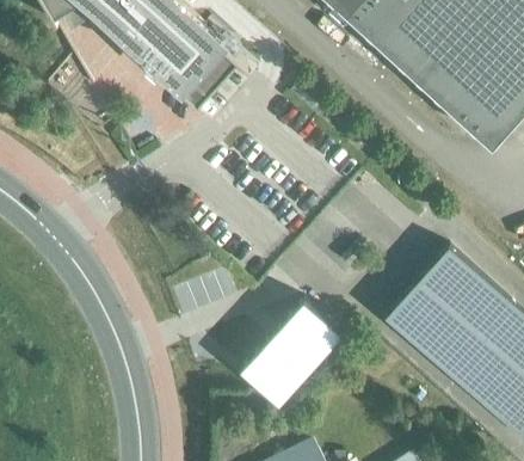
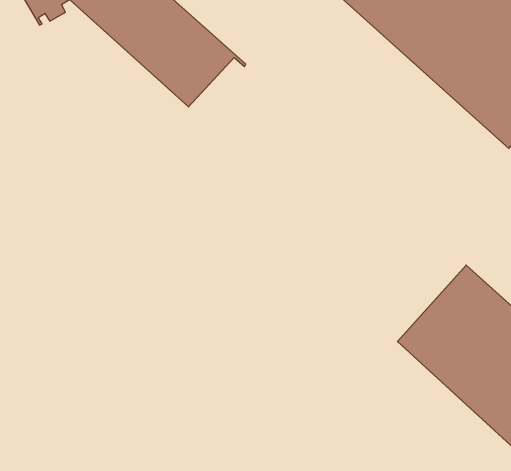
building: [246,294,346,398] -> none

